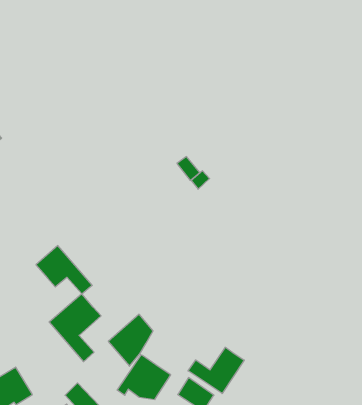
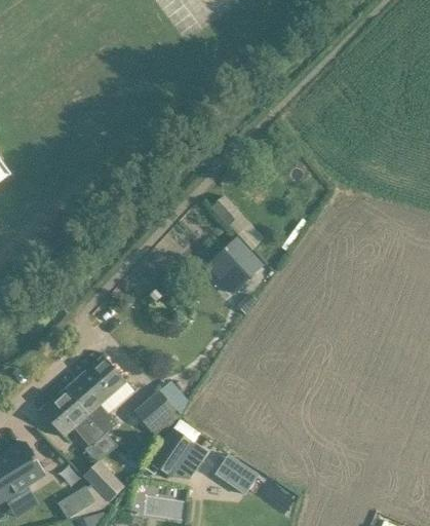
building: none -> [210,238,262,295]
building: [36,246,92,294] -> [39,390,105,447]
building: [188,347,244,394] -> none

